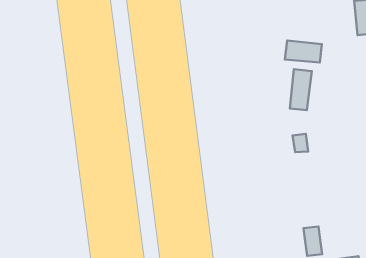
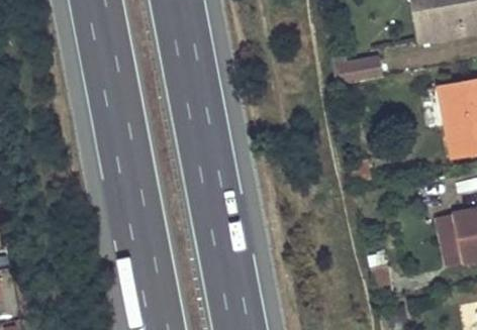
building: [290,69,312,110] -> none

